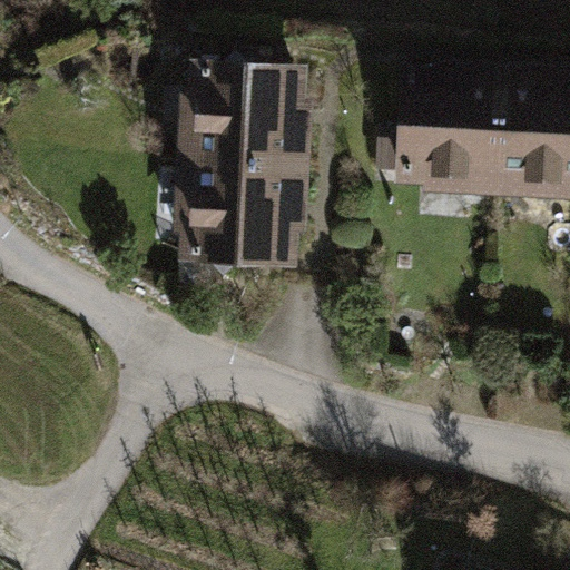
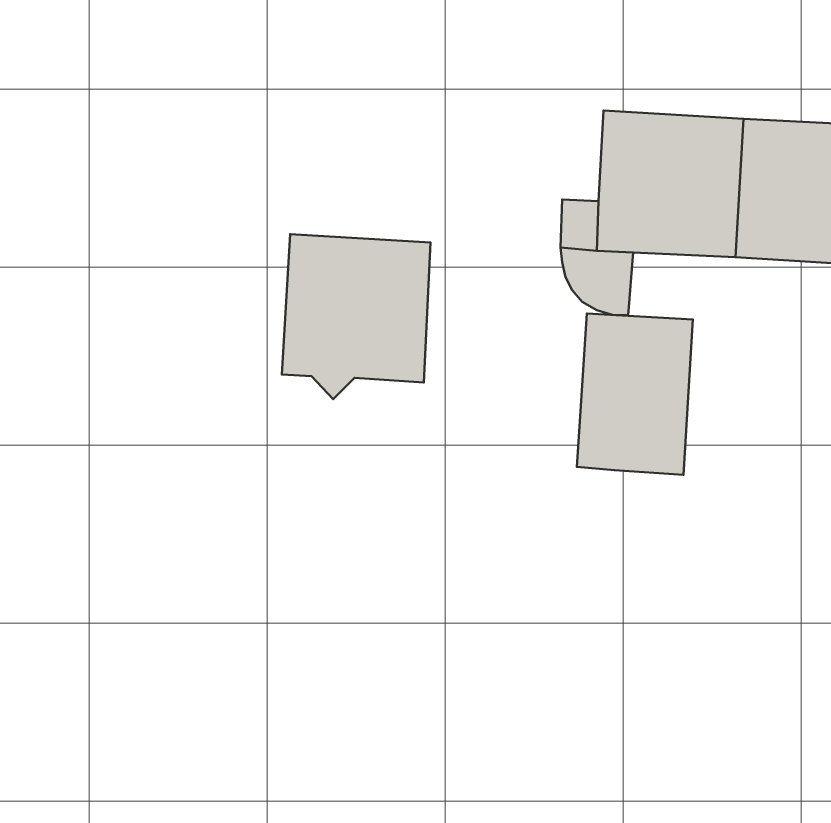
building: [204,63,304,177] -> none
building: none -> [577,313,693,475]

